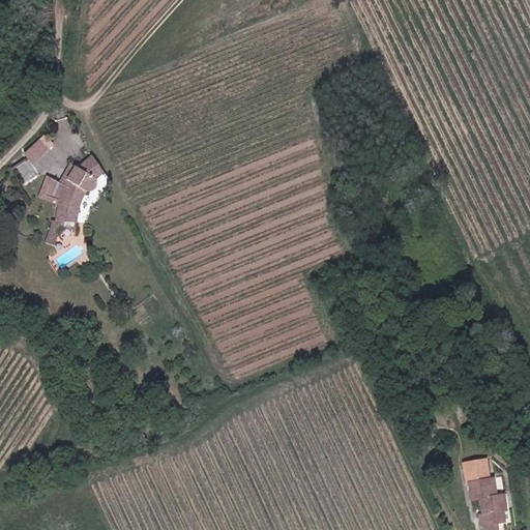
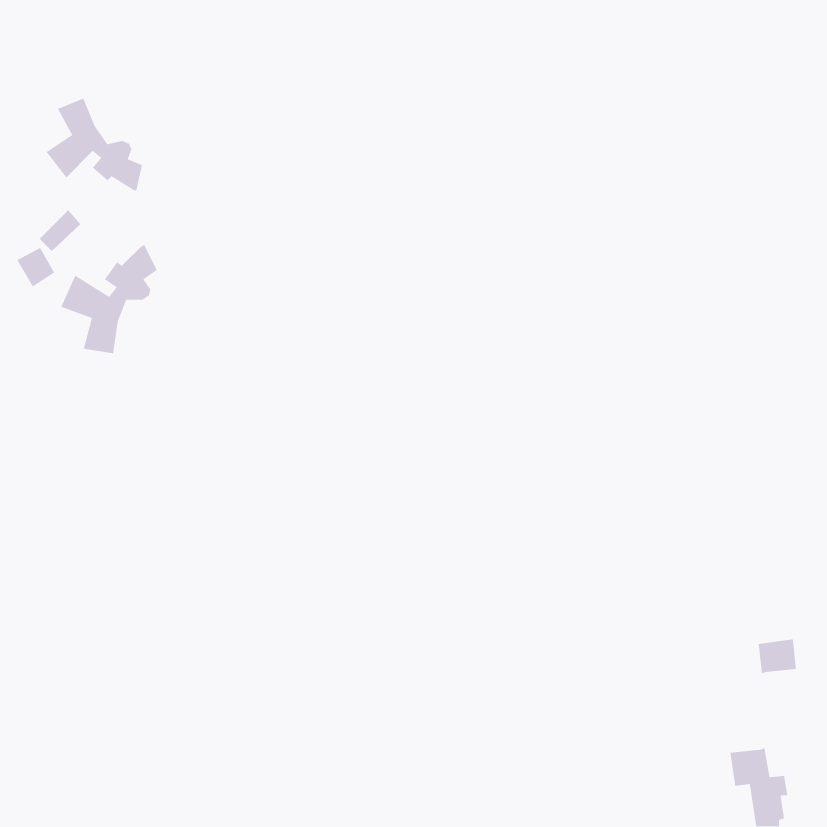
building: none -> [46,97,143,192]
building: [461,458,485,480] -> [758,639,797,674]

